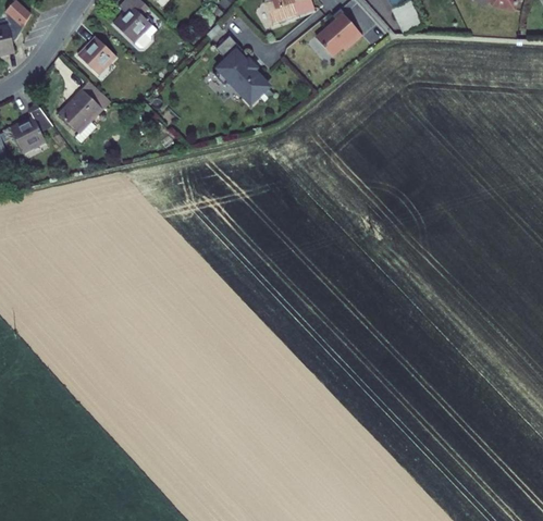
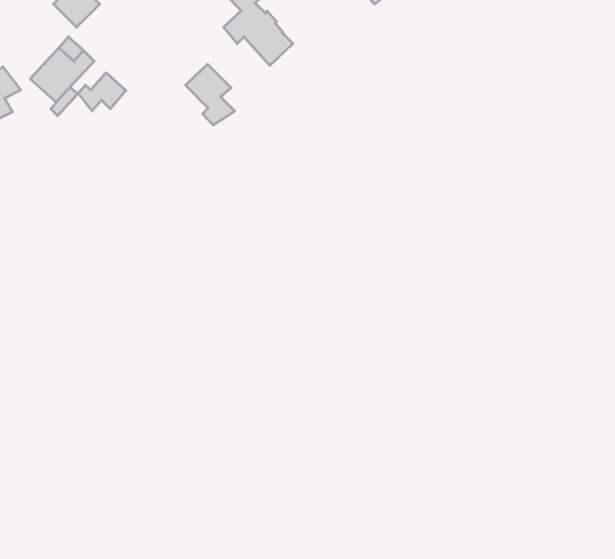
building: none -> [186,64,235,125]
building: none -> [78,73,126,111]

